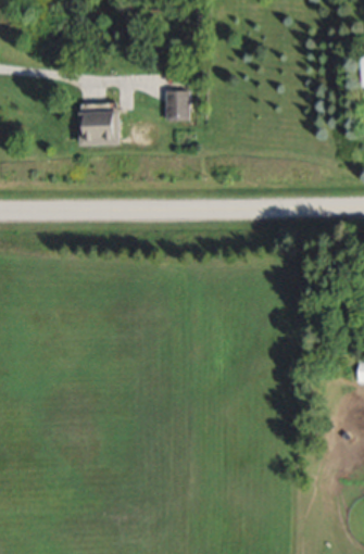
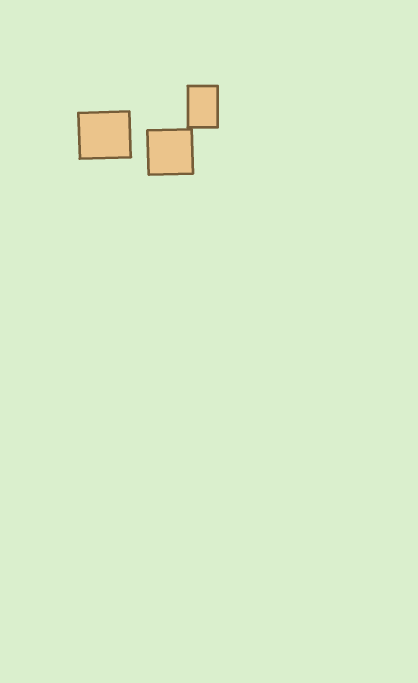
building: none -> [148,129,193,175]

